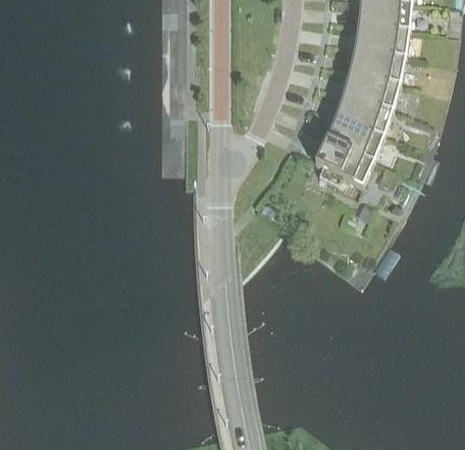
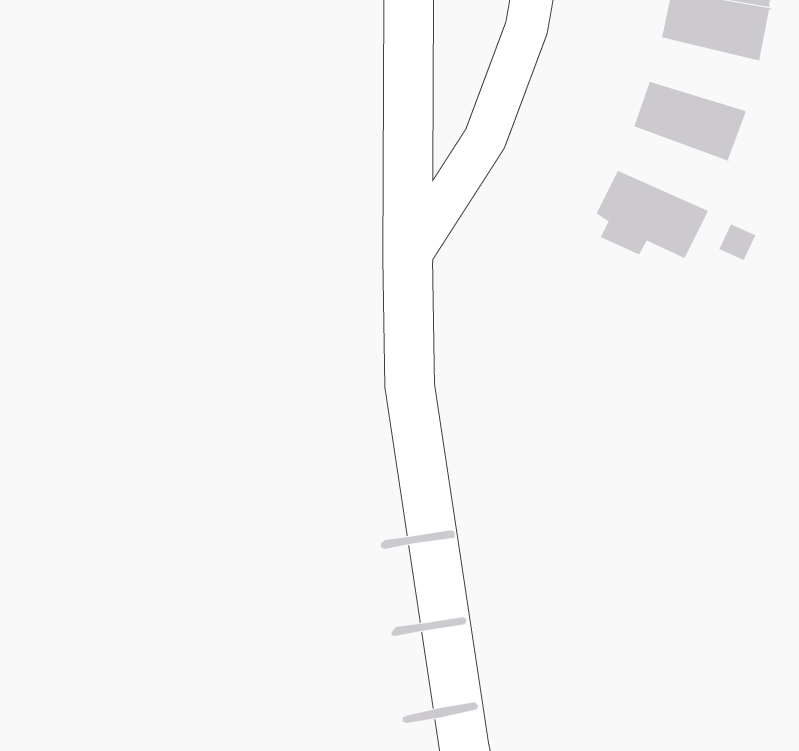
building: [344,66,401,104] -> none
building: [327,112,385,156] -> none

